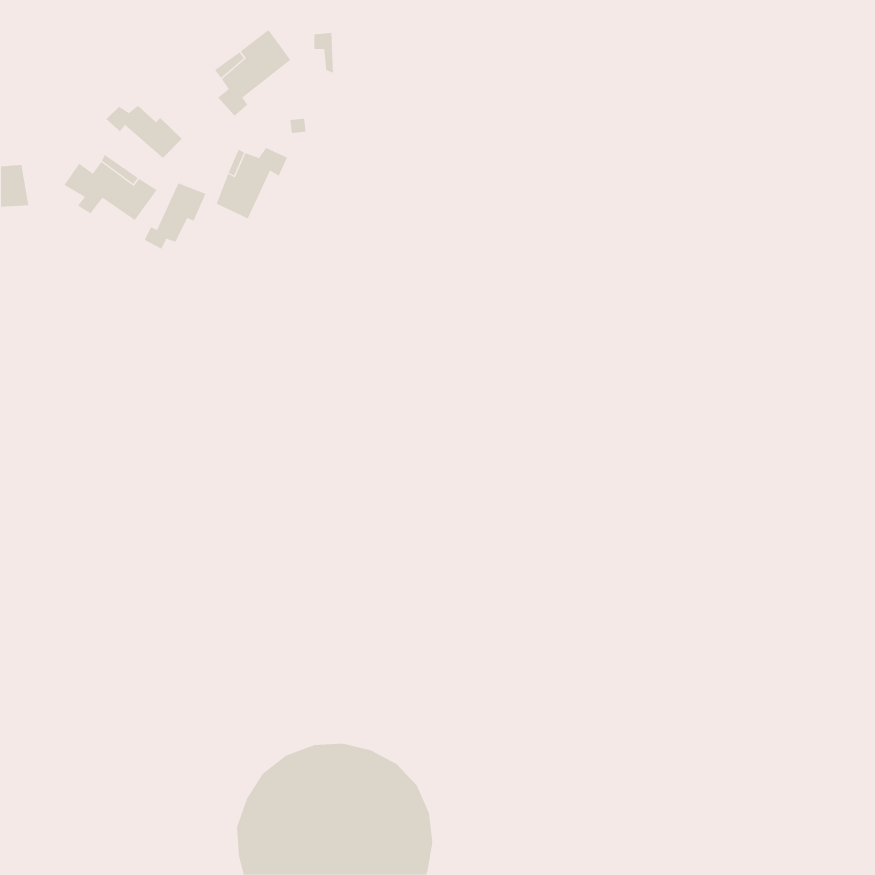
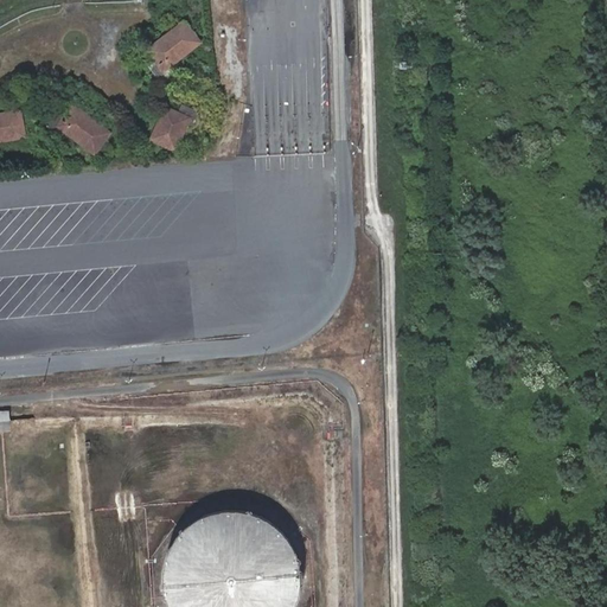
building: [105,105,183,159] -> none
building: [144,183,206,249] -> none

